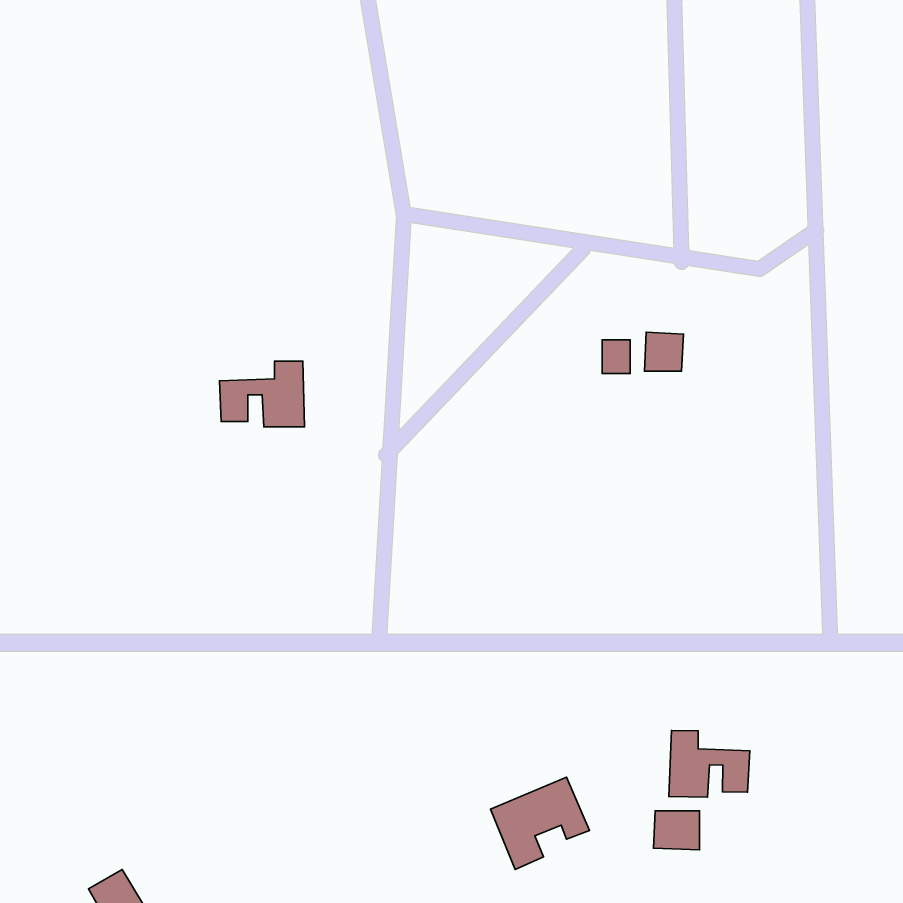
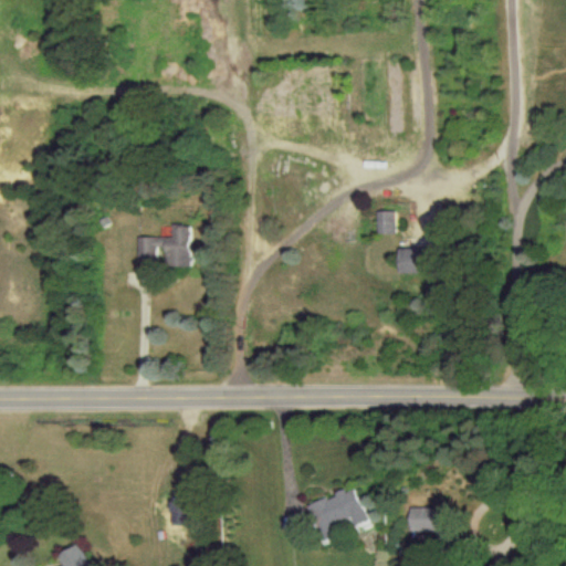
building: [644,332,683,371] -> [396,250,420,274]
building: [669,731,750,797] -> none

